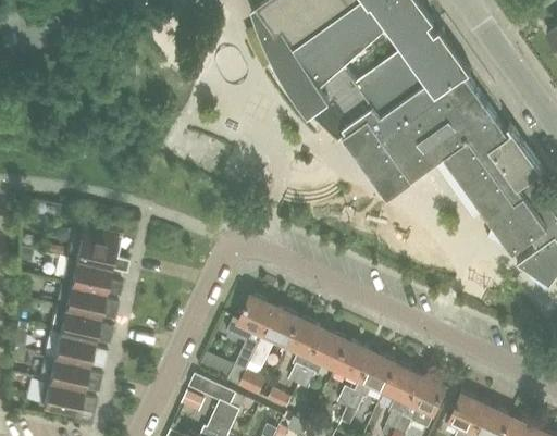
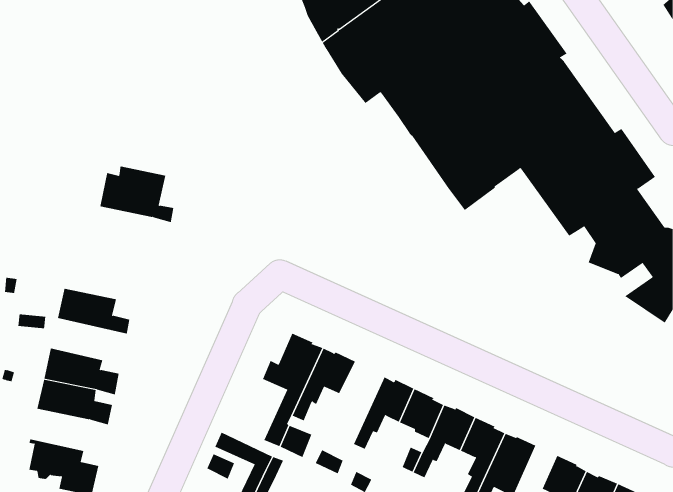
building: [66,227,126,273] -> [100,166,174,223]
building: [55,284,116,321] -> none
building: [287,319,323,385] -> none
building: [39,357,100,394] -> none

